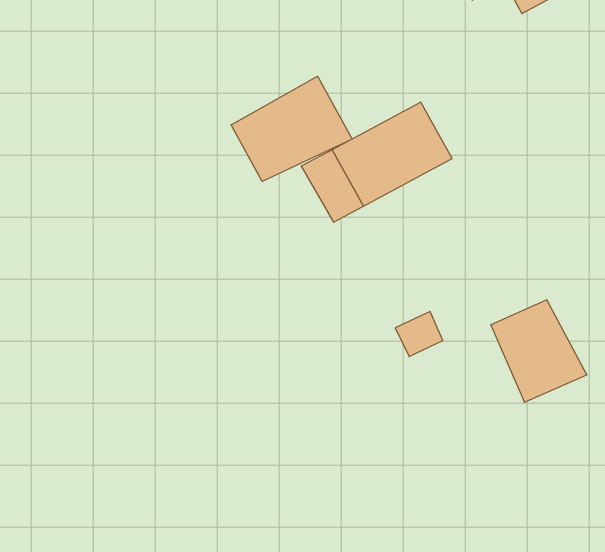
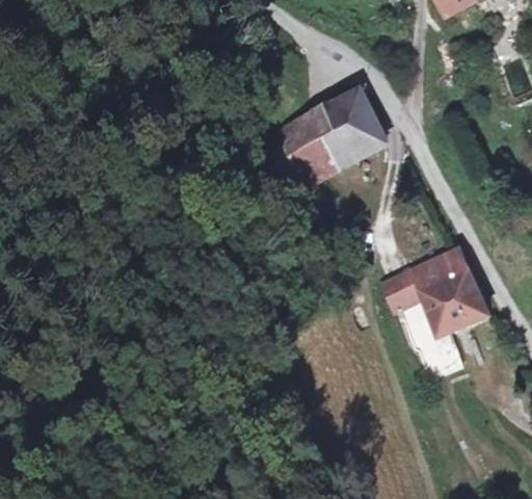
building: [231,76,352,181] -> none
building: [395,312,443,357] -> [385,271,425,309]

